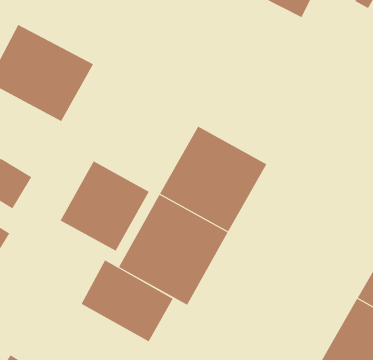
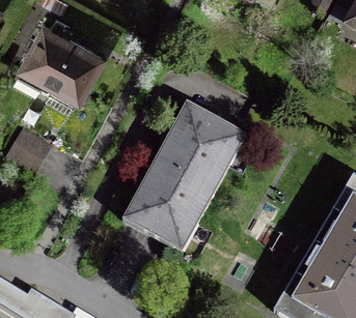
building: [60,161,150,252] -> none
building: [81,259,173,342] -> none

